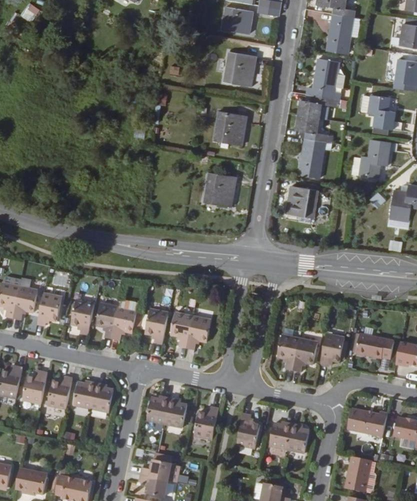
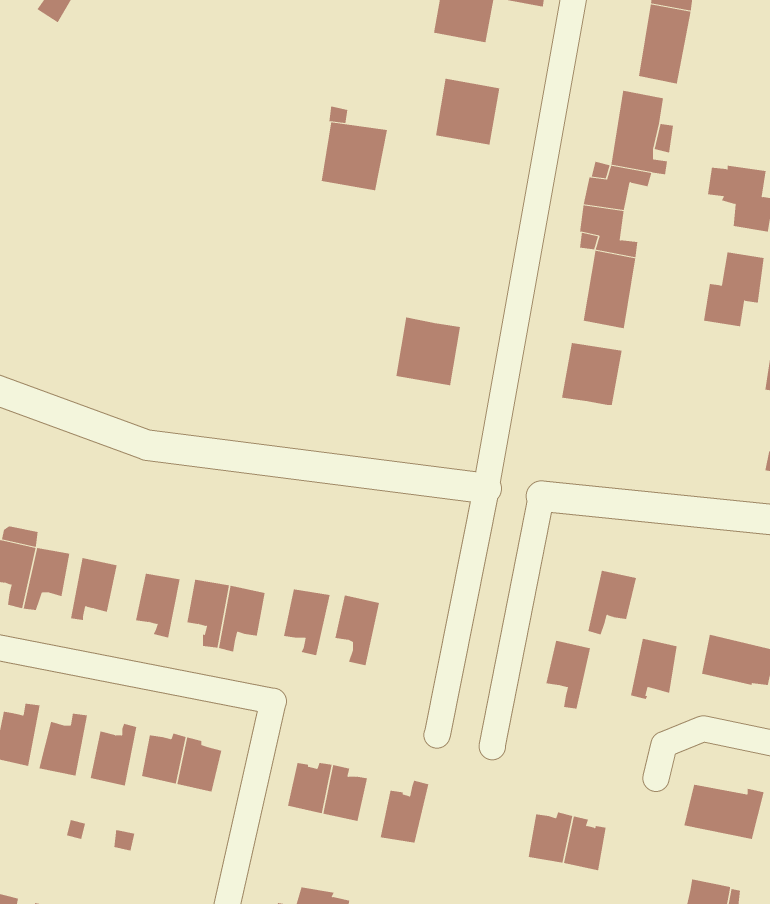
building: [212,110,246,145] -> [321,122,388,191]
building: [187,317,212,351] -> none
building: [294,340,319,373] -> [587,570,637,635]
building: [237,415,260,449] -> none

